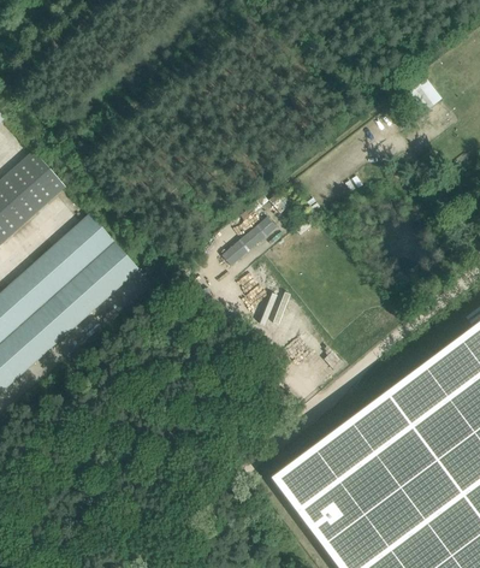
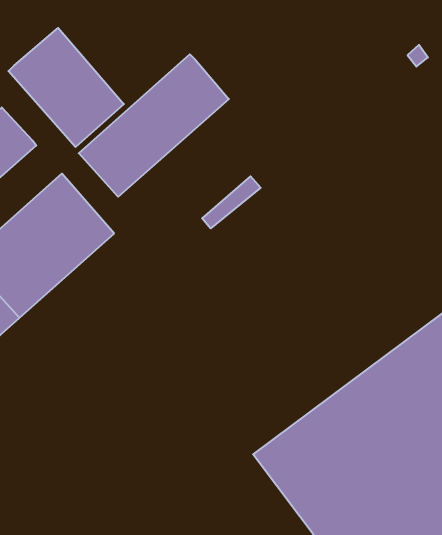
building: none -> [8,28,124,147]
building: none -> [79,54,229,197]

